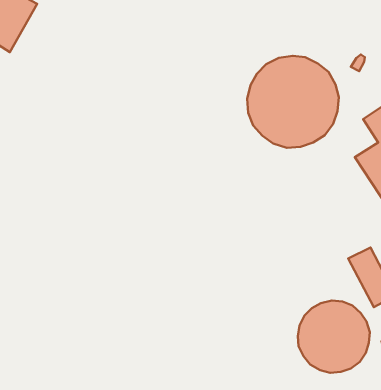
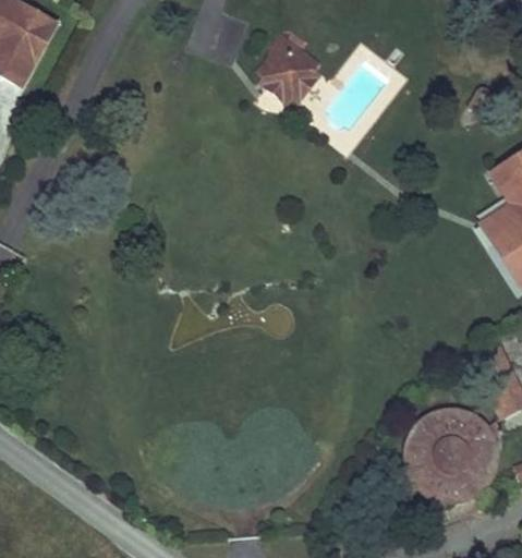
building: none -> [255,29,323,101]
building: [247,56,339,148] -> none

